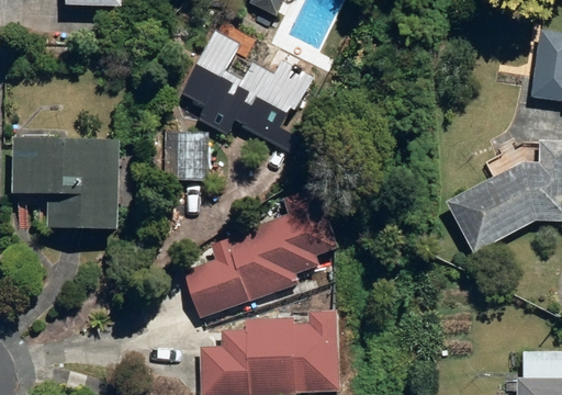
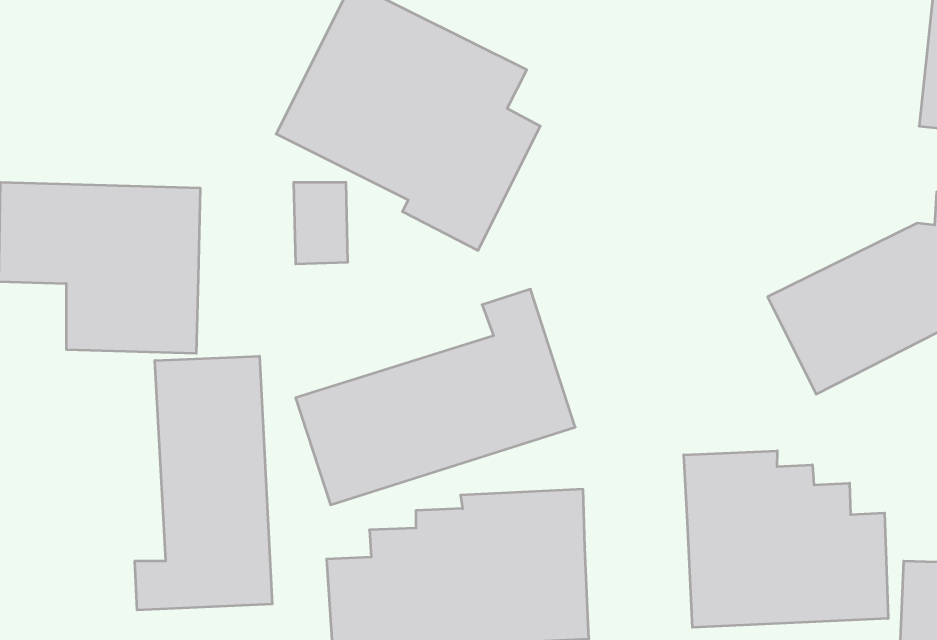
building: none -> [135,356,272,610]
building: none -> [684,451,888,627]

